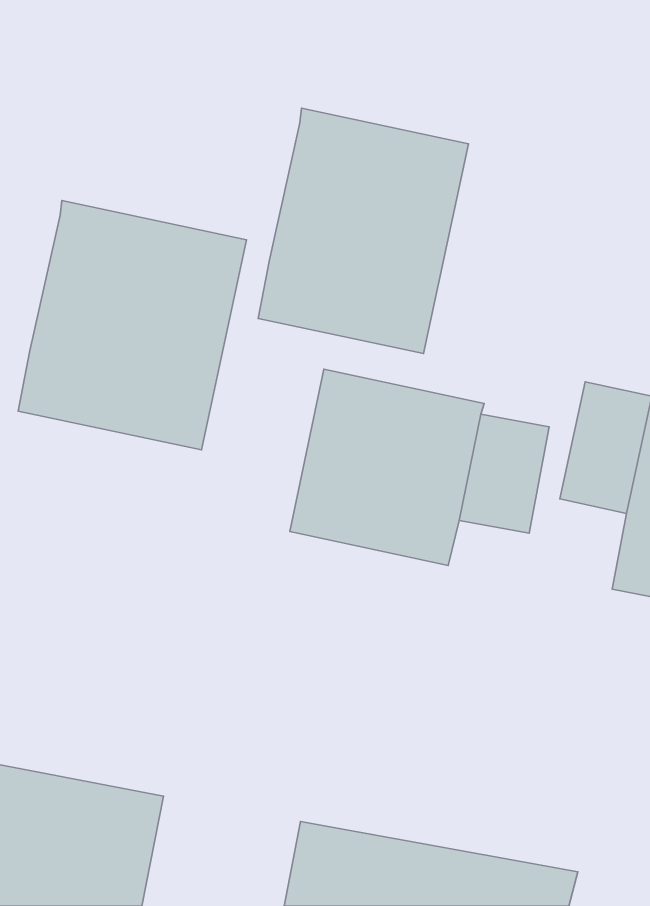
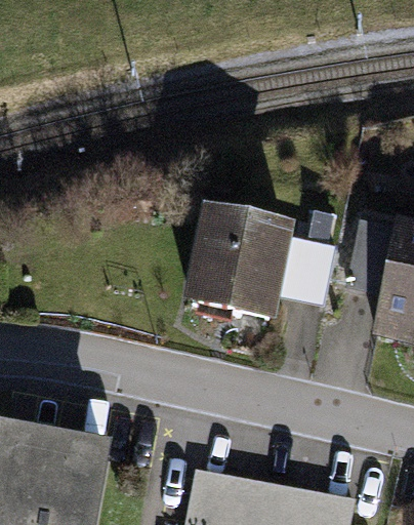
building: [258,108,469,353] -> none
building: [18,200,247,450] -> none

